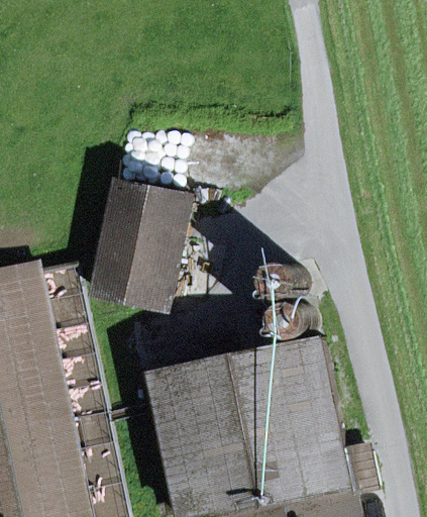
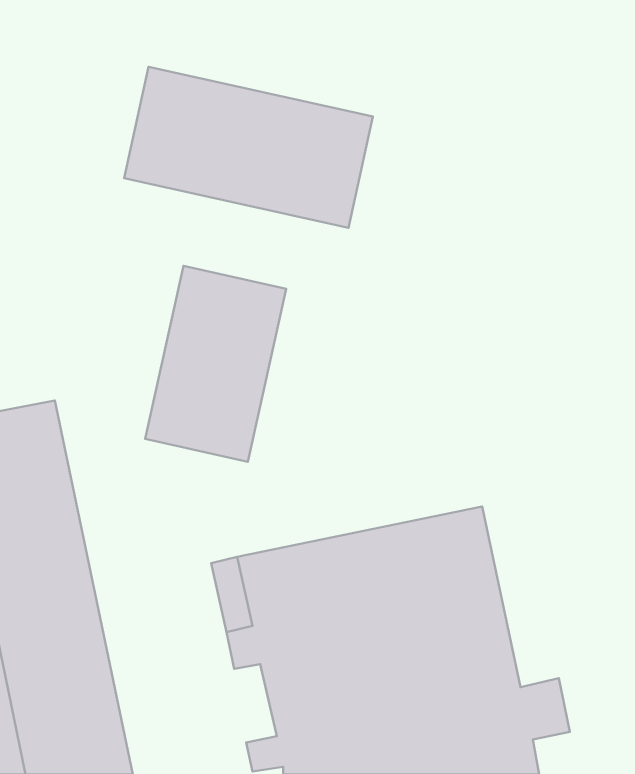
building: none -> [124,67,373,228]

